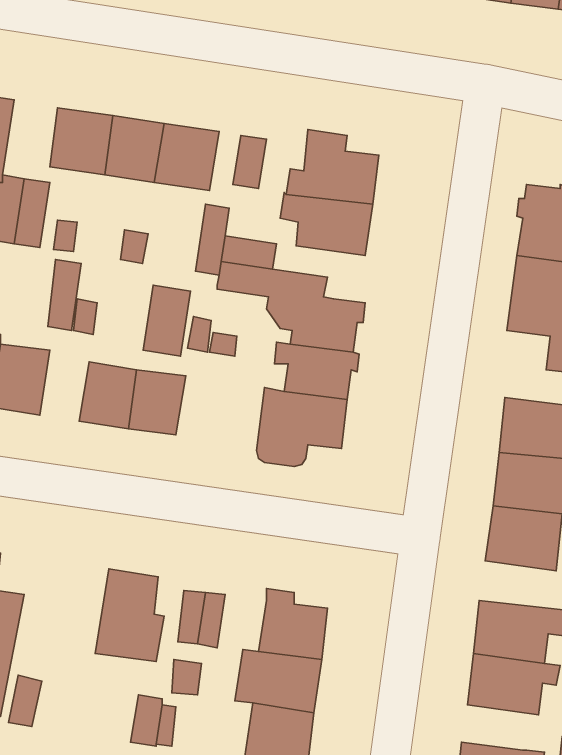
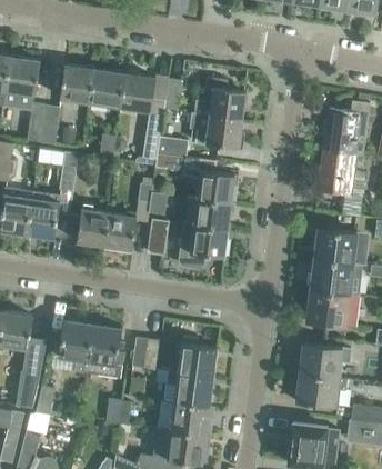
building: [143,285,190,356] -> [142,216,169,256]
building: none -> [59,321,93,373]

